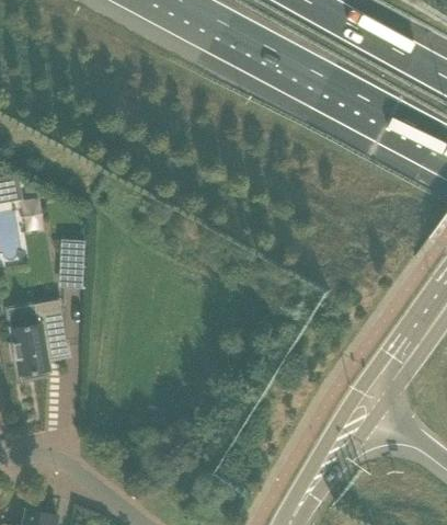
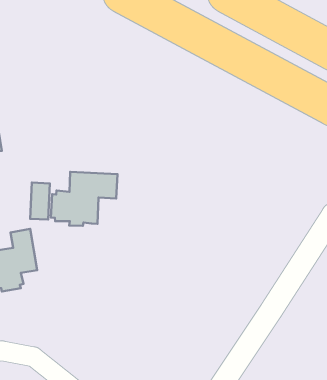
building: none -> [51,172,118,226]

